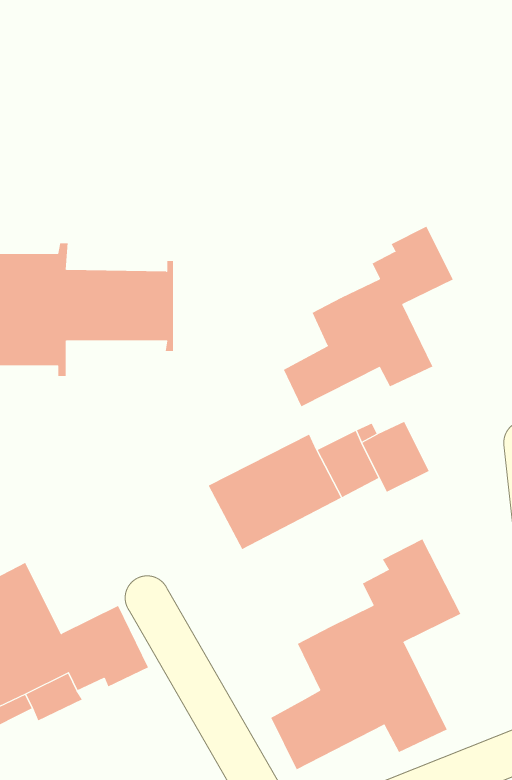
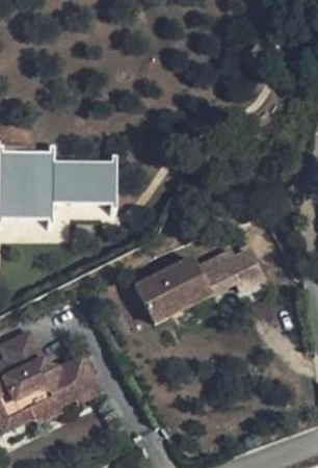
building: [283,226,454,407] -> none
building: [270,538,461,770] -> none

